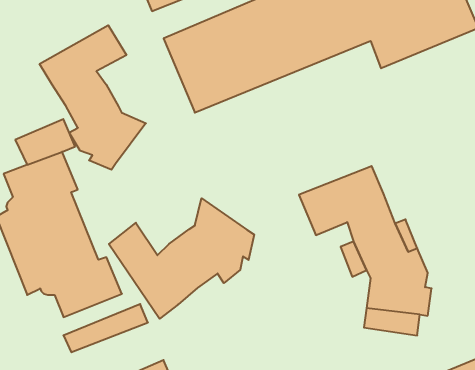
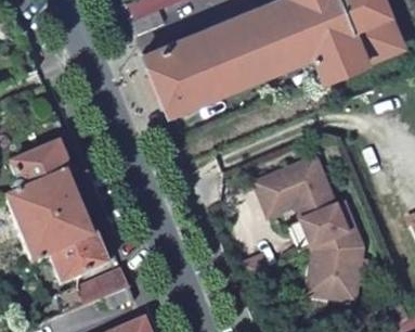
building: [40,25,146,170] -> none
building: [109,198,254,319] -> none

